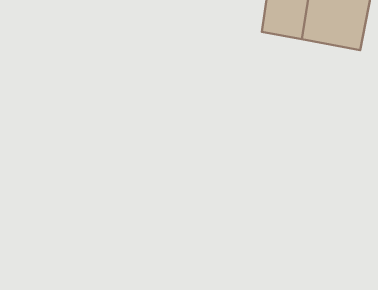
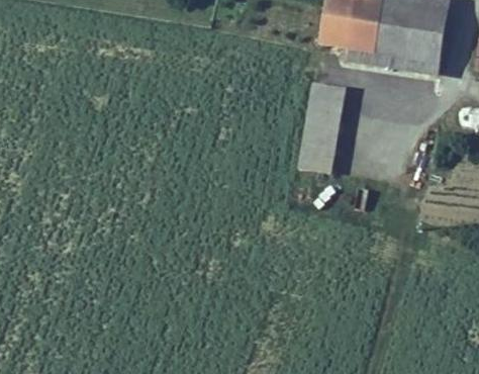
building: none -> [299,81,347,179]

